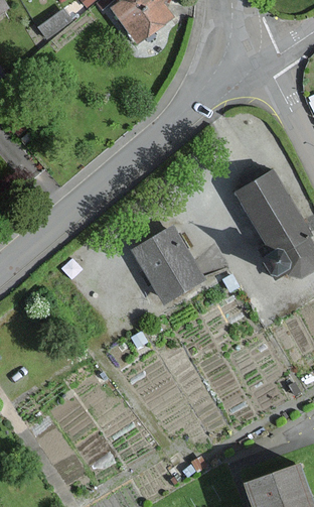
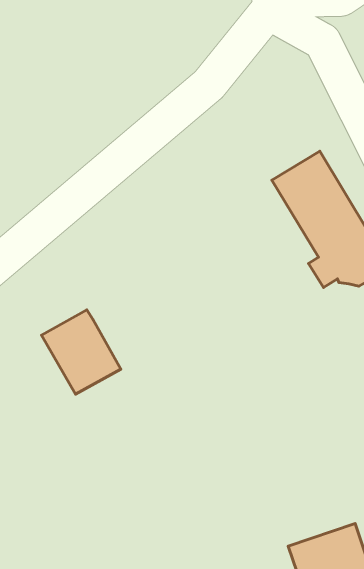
building: [138,232,201,299] -> [41,310,121,394]

